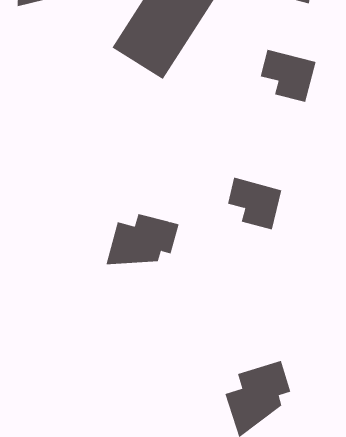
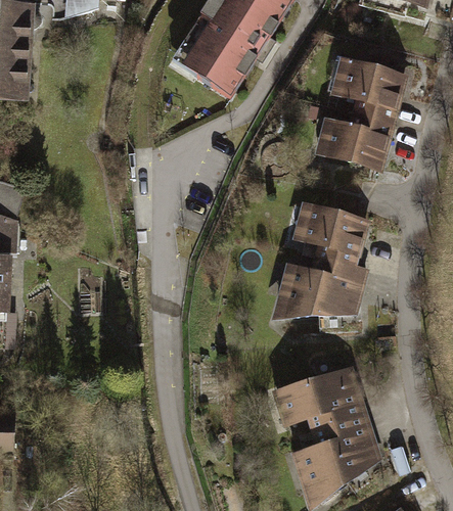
building: none -> [324,112,392,167]
building: [105,213,179,265] -> [281,257,365,315]
building: none -> [280,367,364,428]

